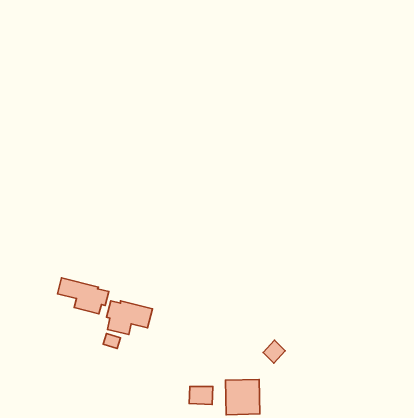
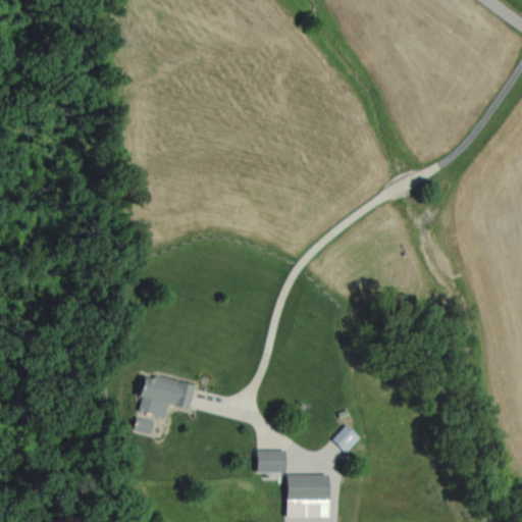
building: [58,278,109,314] -> none
building: [189,386,213,404] -> [257,450,286,472]

